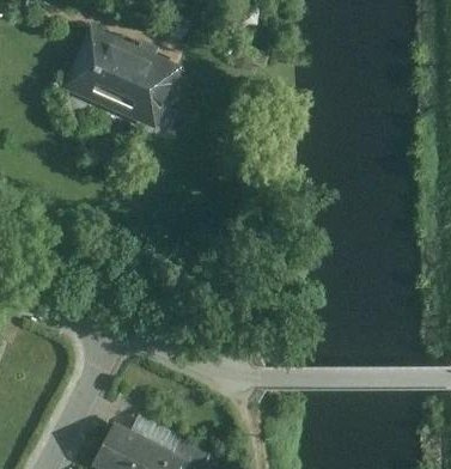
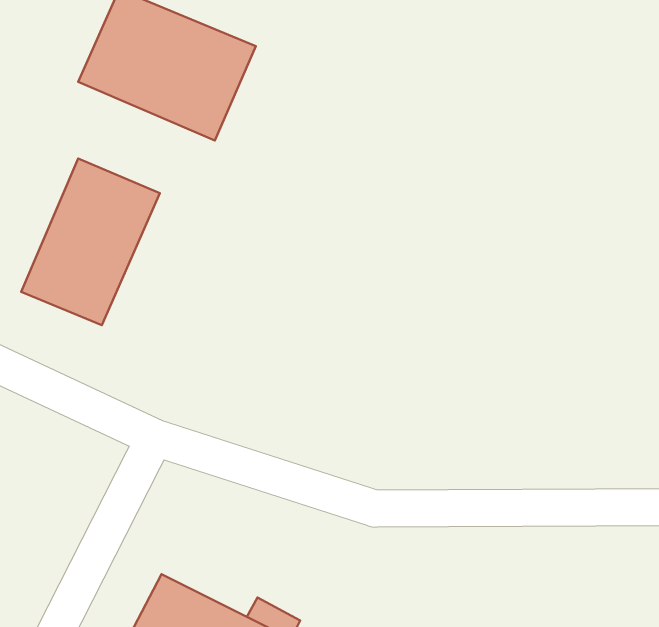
building: none -> [21,158,160,325]

